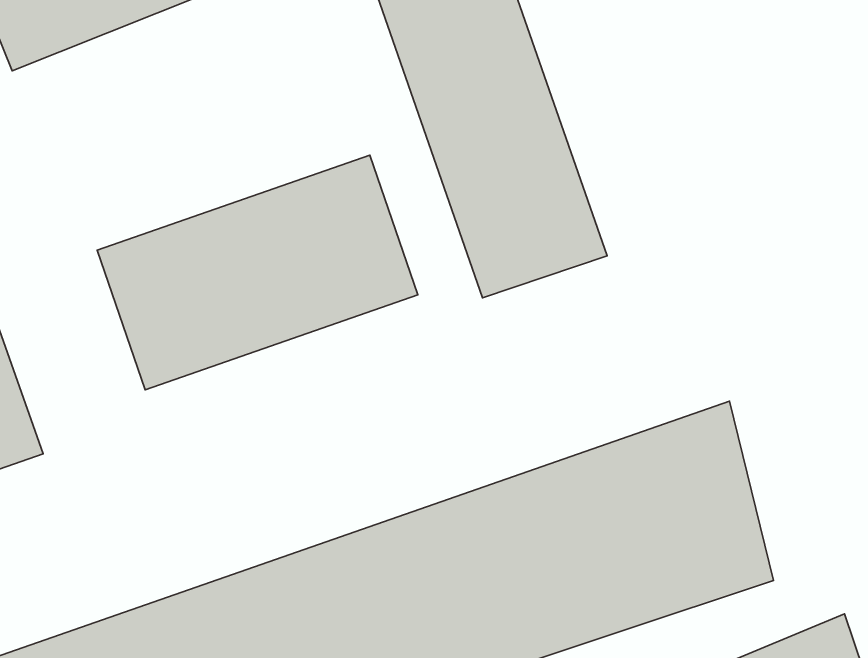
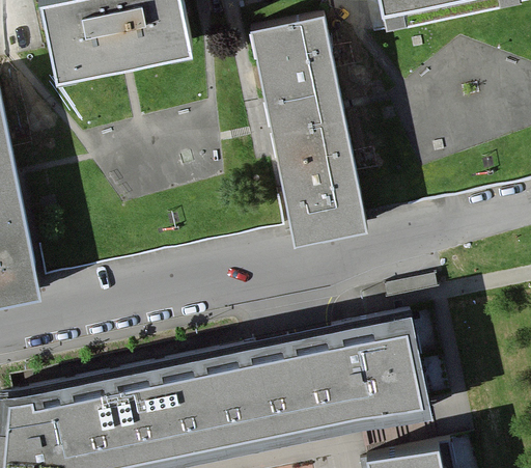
building: [97,155,418,390] -> none

